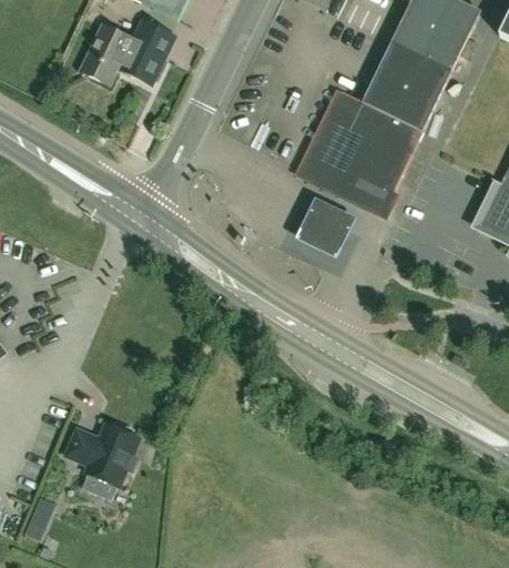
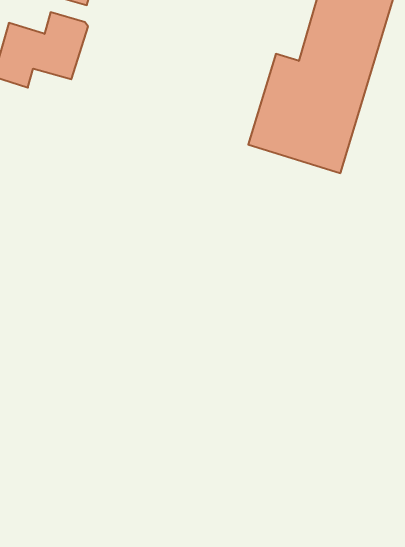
building: [296,202,358,263] -> none
building: [65,420,140,498] -> none

